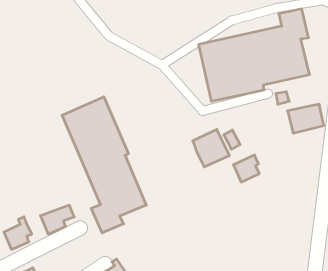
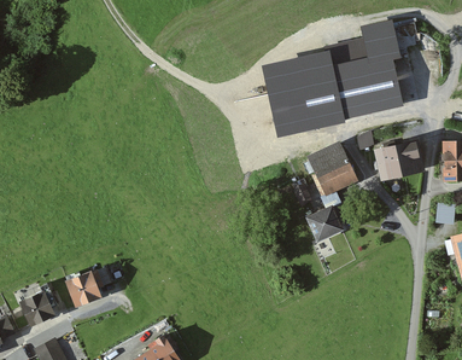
building: [62,97,146,233] -> none
building: [193,129,229,167] -> [311,146,357,193]

